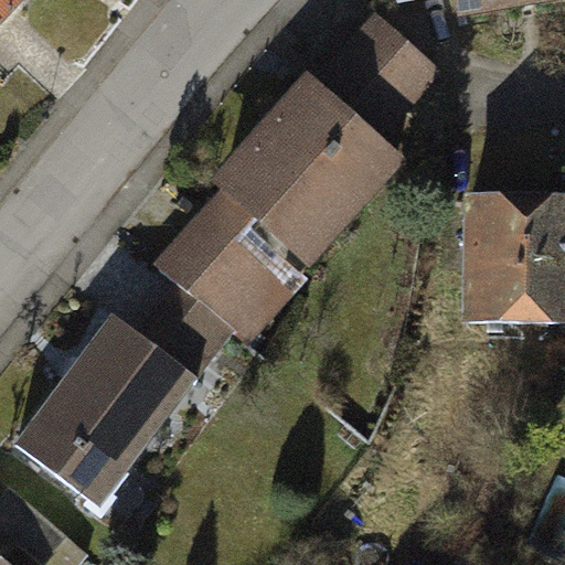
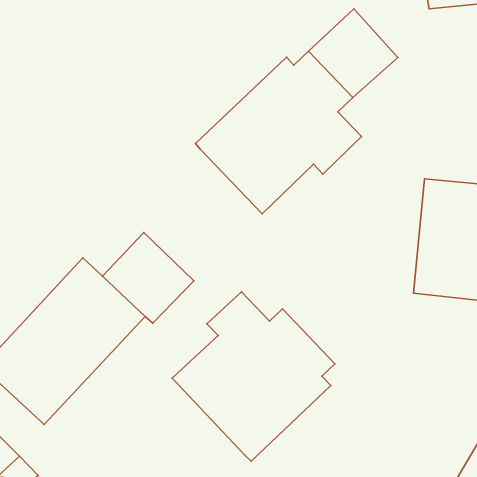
building: [162,188,310,335] -> none
building: none -> [172,292,335,461]

